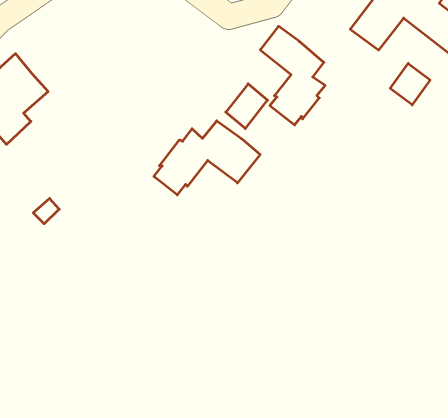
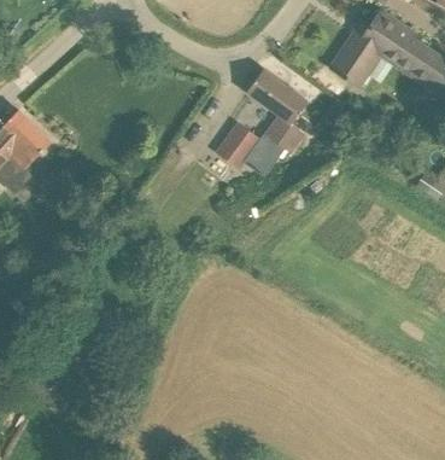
building: [390,63,430,105] -> none
building: [154,121,260,195] -> none

